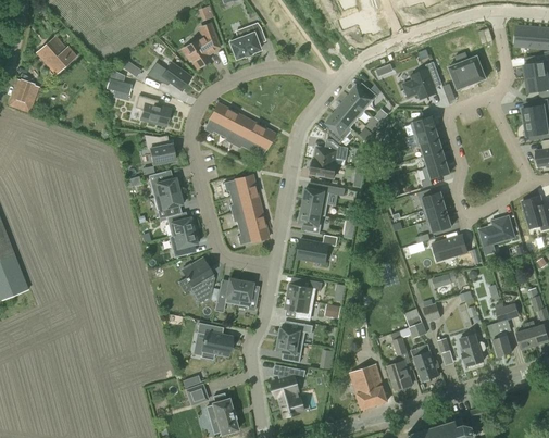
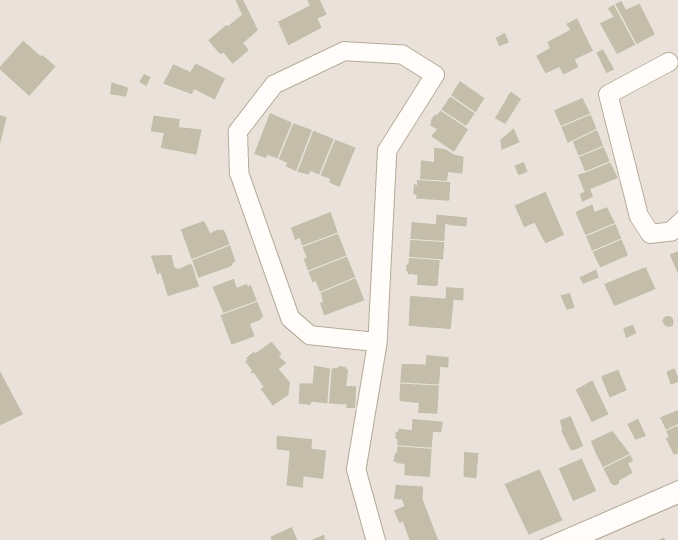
building: [349,80,378,109] -> none
building: [144,135,175,164] -> [150,255,200,297]
building: none -> [514,191,565,244]

